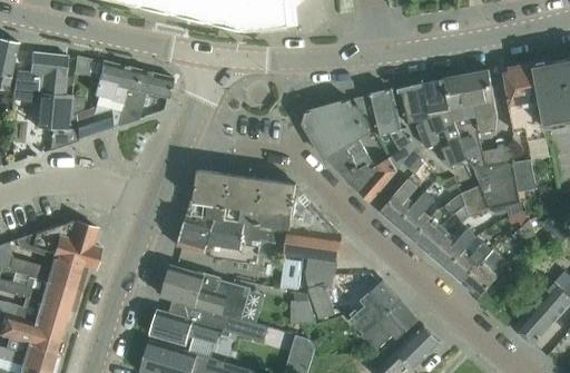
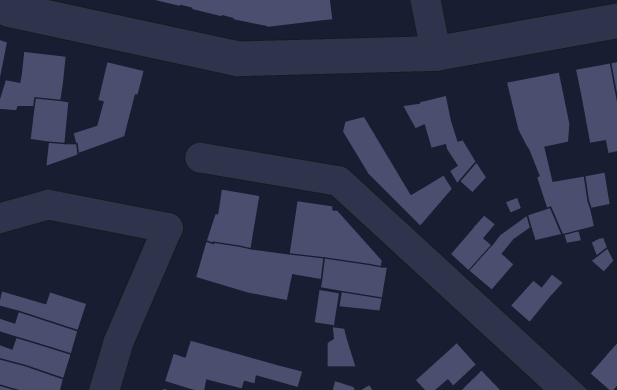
building: [117,68,173,125] -> none
building: [397,78,471,166] -> none
building: [322,99,375,174] -> none
building: [225,175,264,225] -> none
building: [379,177,417,225] -> none
building: [16,219,100,269] -> none
building: [431,228,476,269] -> none
building: [463,255,509,297] -> none
building: [161,265,259,321] -> none
building: [303,271,335,320] -> none
building: [347,281,401,333] -> none

